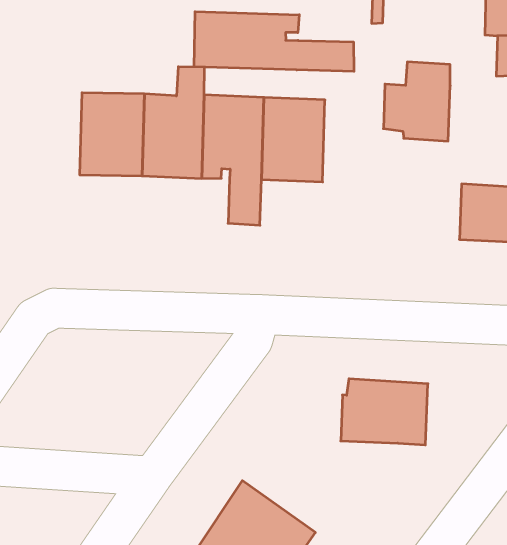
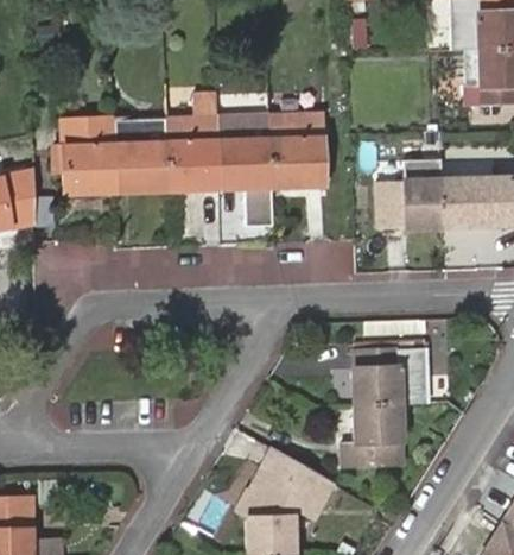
building: [194,12,354,71] -> none
building: none -> [55,94,116,194]
building: [383,62,450,141] -> [387,162,444,227]
building: none -> [342,404,402,467]

